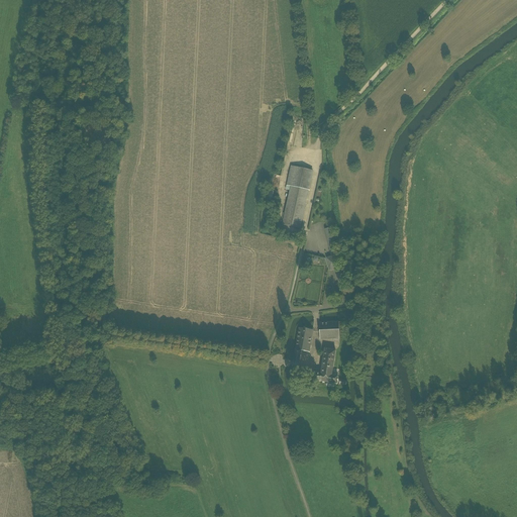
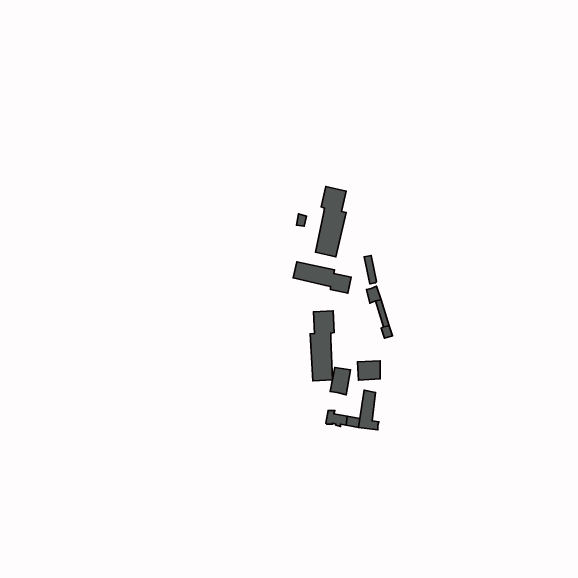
building: none -> [293,262,351,293]
building: none -> [310,311,334,381]

